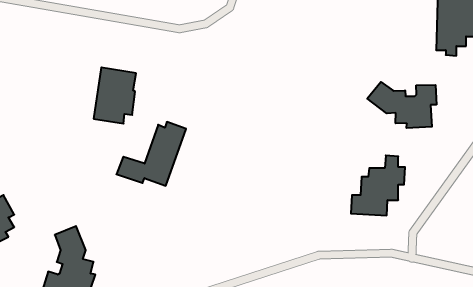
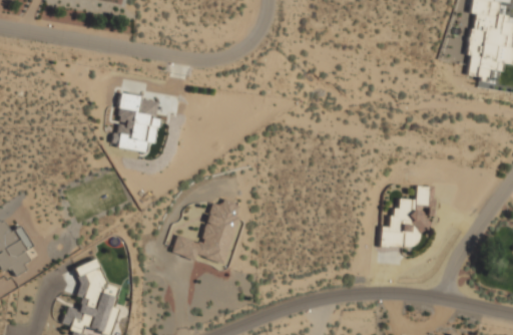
building: [367,82,436,128] -> none
building: [116,122,186,186] -> [172,199,244,265]

